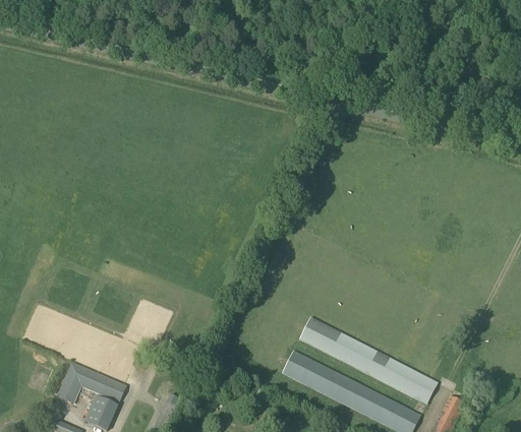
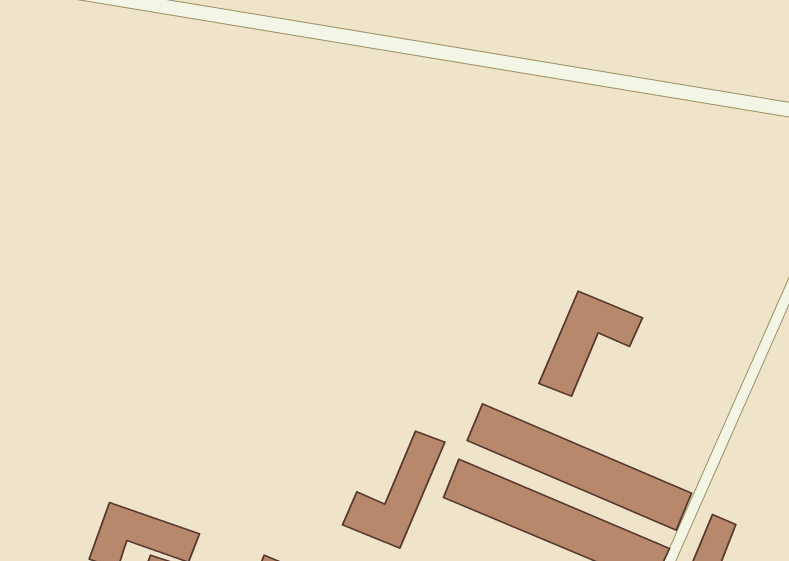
building: none -> [539,291,642,396]
building: none -> [343,431,445,548]

